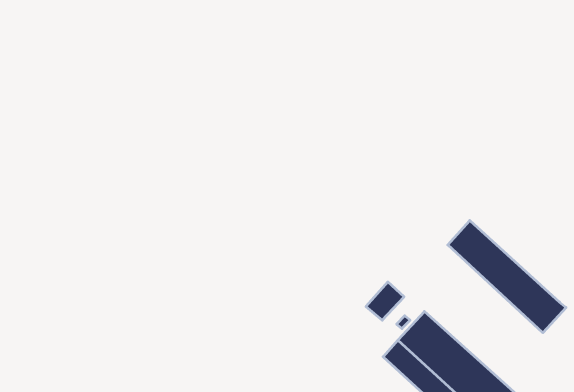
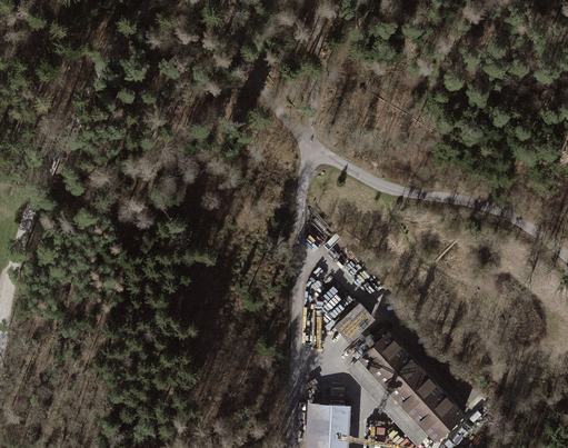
building: [448,220,566,333] -> none

